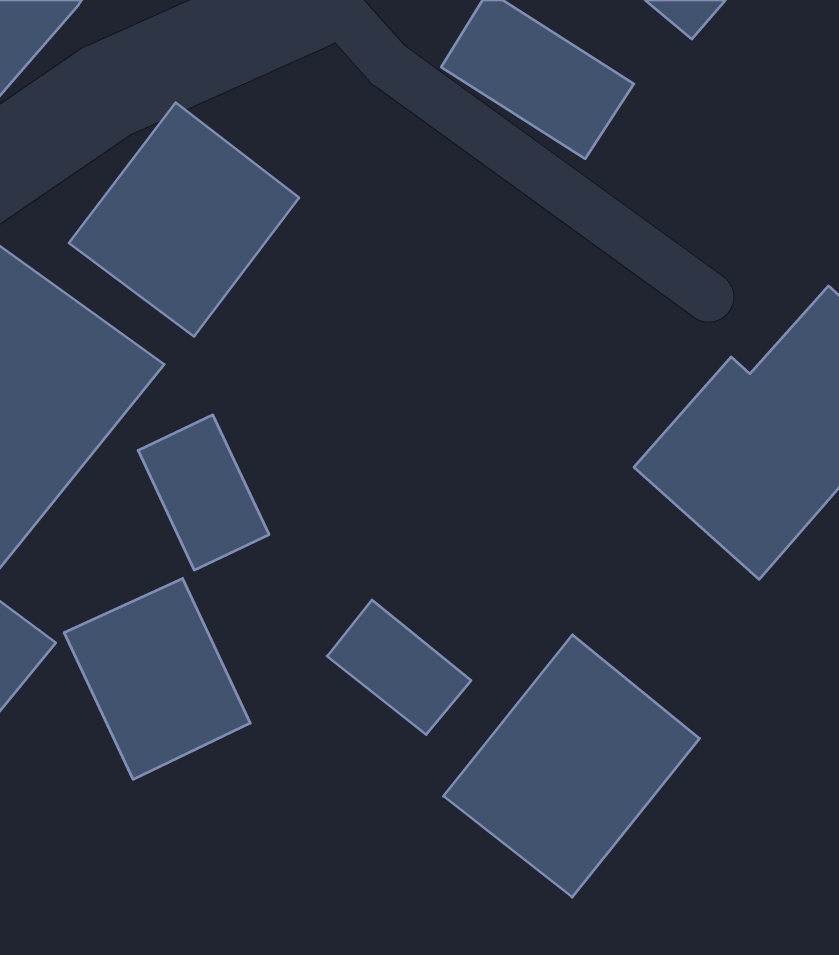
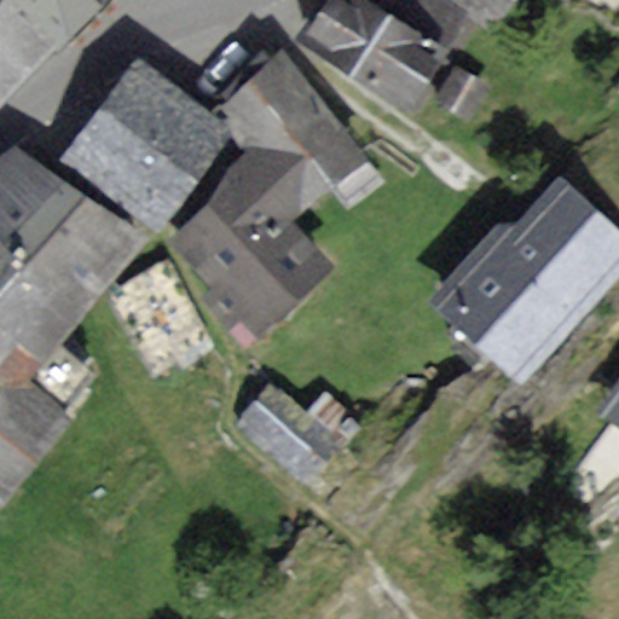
building: none -> [175,63,358,325]
building: [64,578,250,779] -> none
building: [443,635,700,897] -> none

